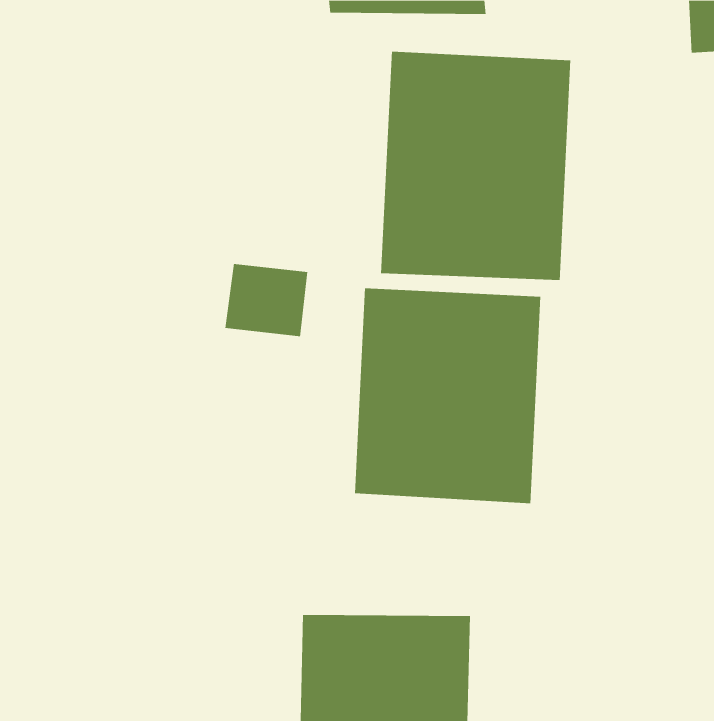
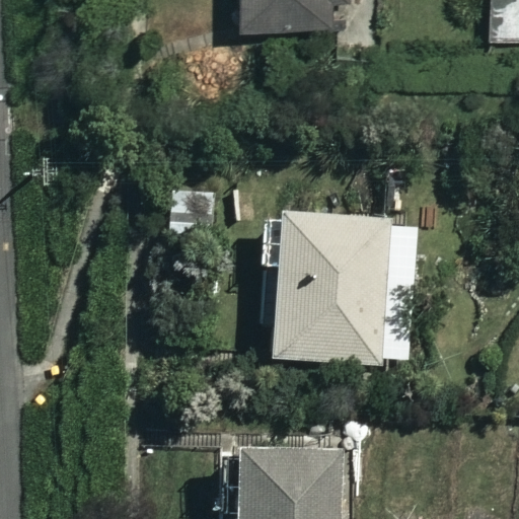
building: [380,51,571,281] -> none

